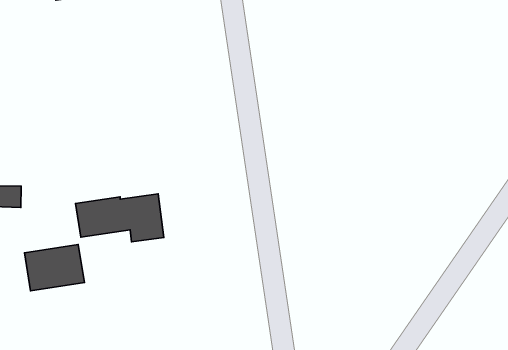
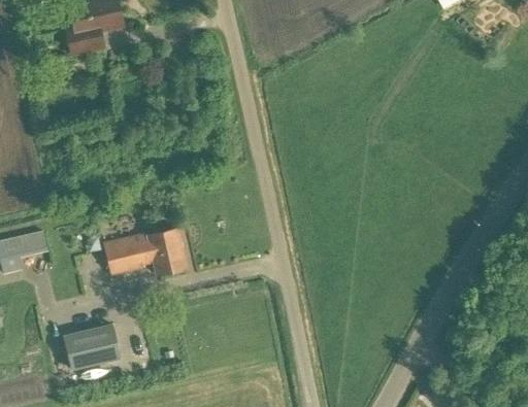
building: [24,244,84,291] -> [64,324,122,370]

